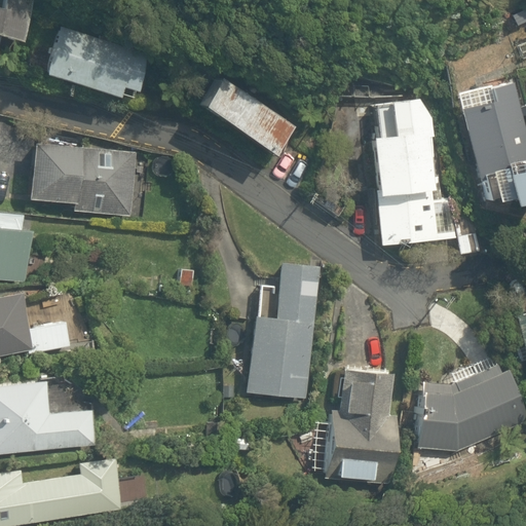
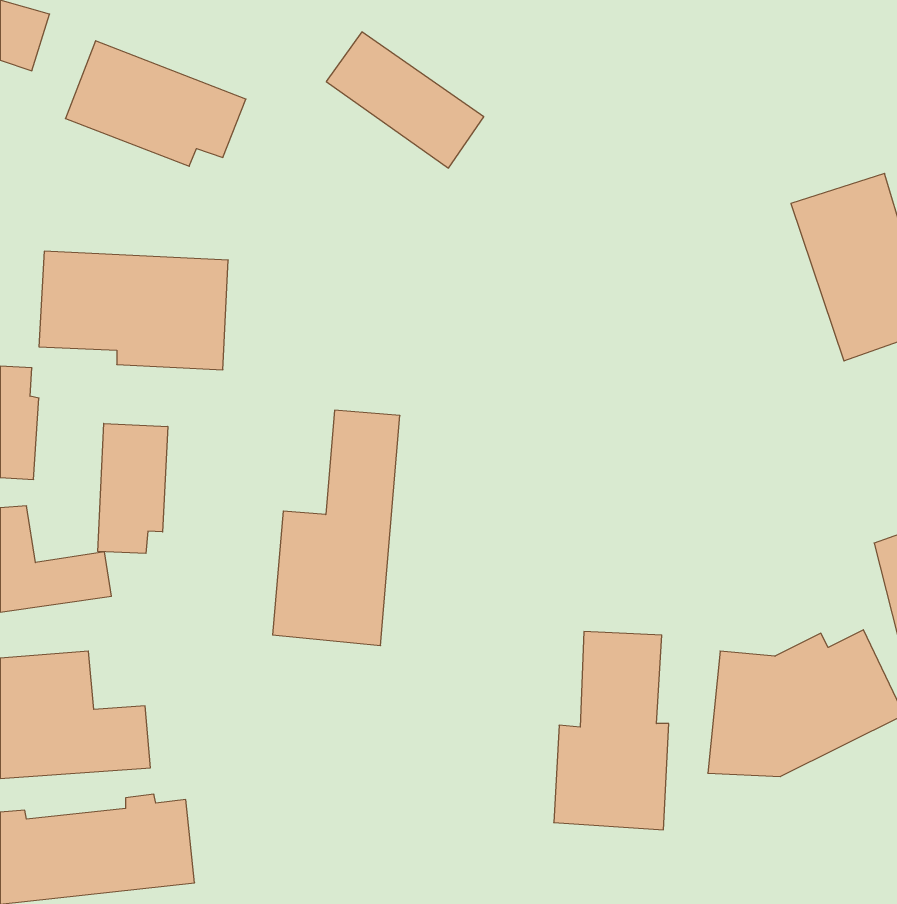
building: [199,76,291,155] -> [326,32,484,168]
building: [372,100,438,250] -> none
building: none -> [98,423,168,553]
building: [246,261,320,398] -> [273,410,400,646]

